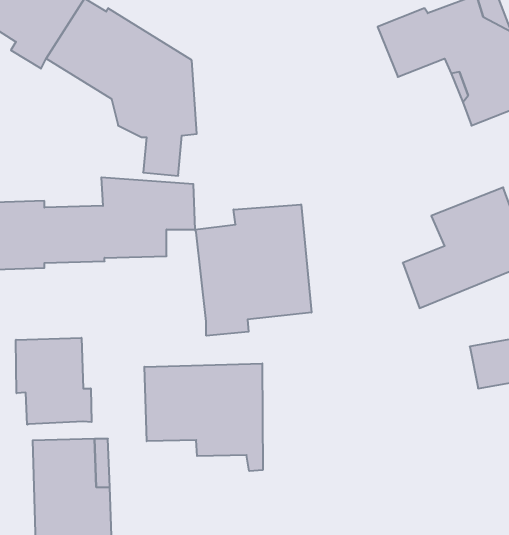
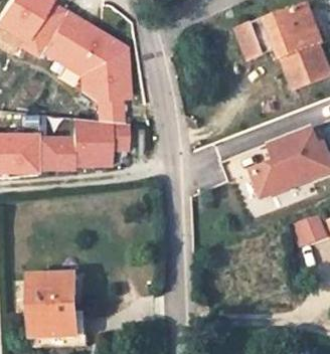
building: [195,204,311,336] -> none
building: [16,338,92,425] -> none
building: [144,363,263,471] -> none

